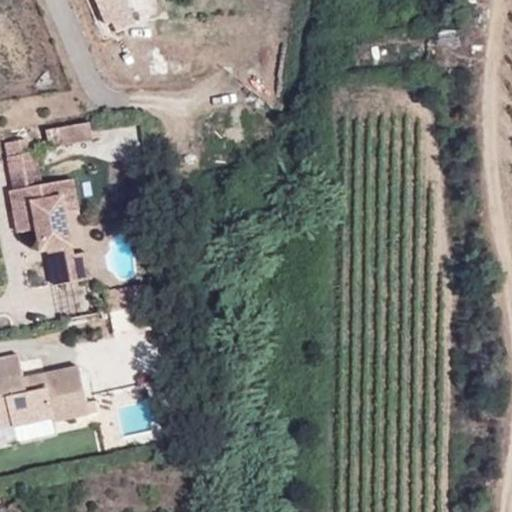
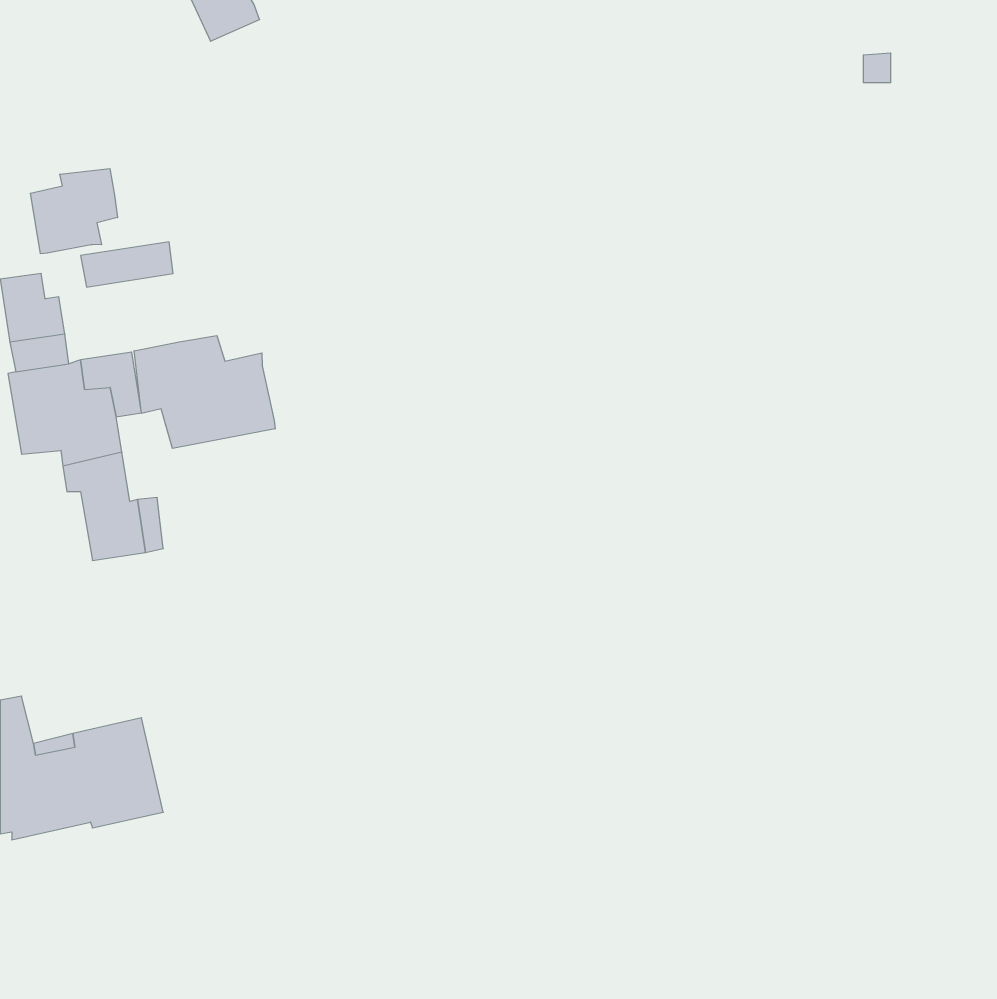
building: none -> [30,169,118,254]
building: none -> [134,336,275,448]

